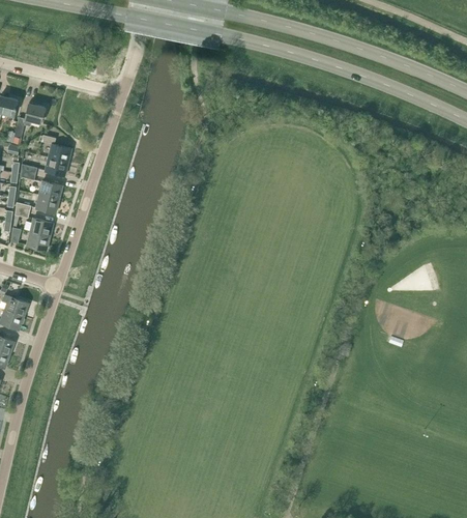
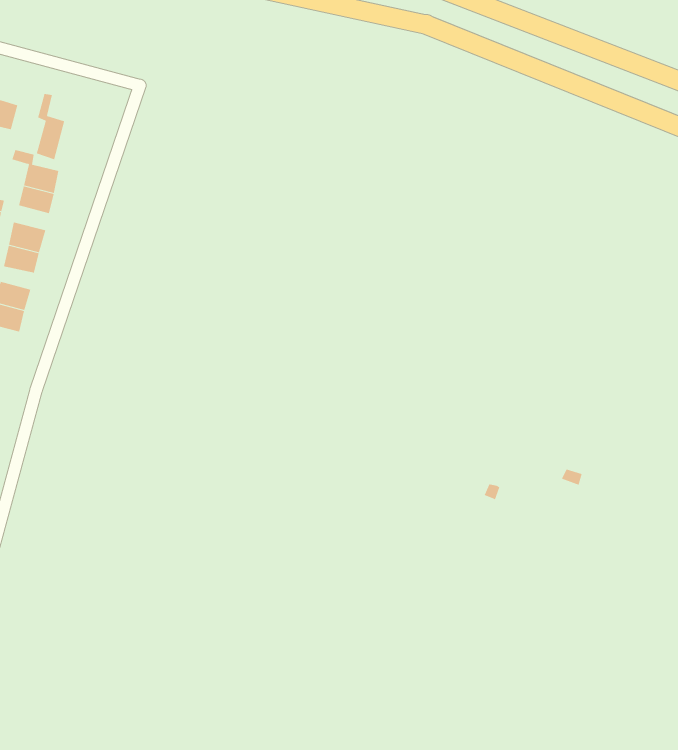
building: none -> [36,93,65,160]

